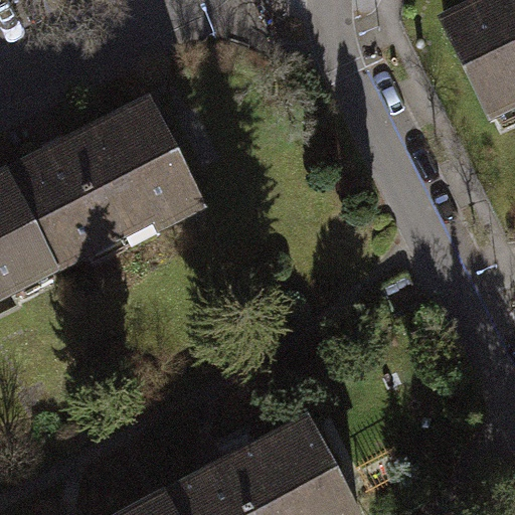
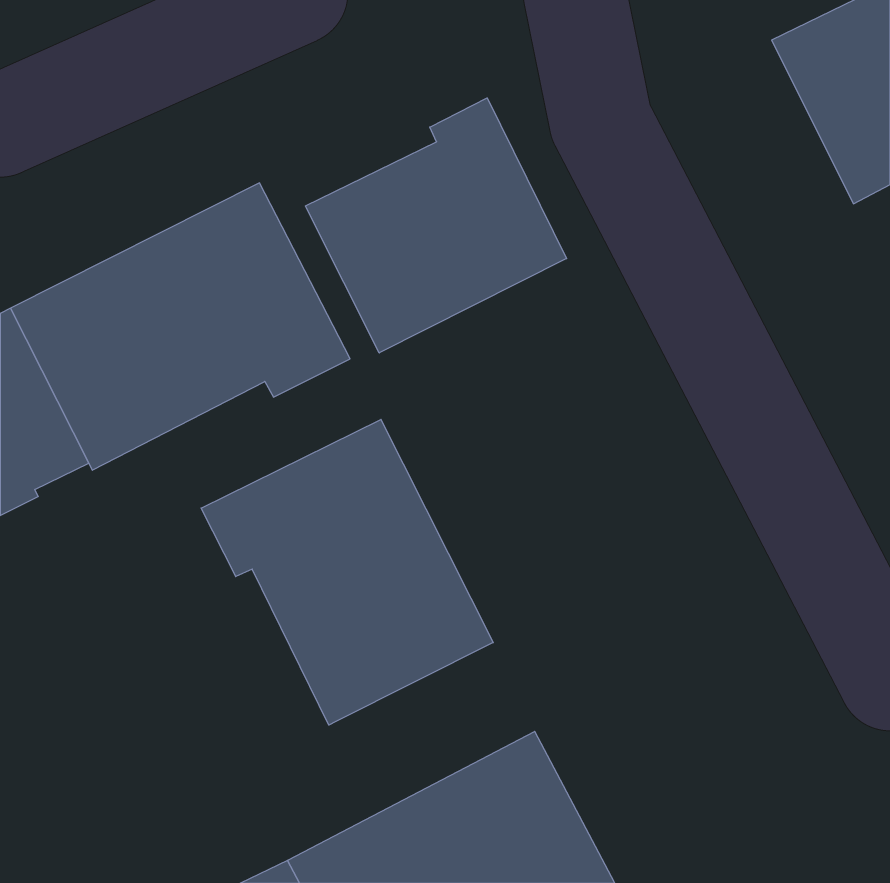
building: none -> [305,98,567,353]
building: none -> [201,419,493,725]

